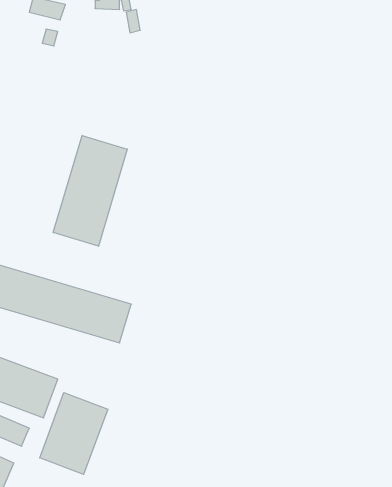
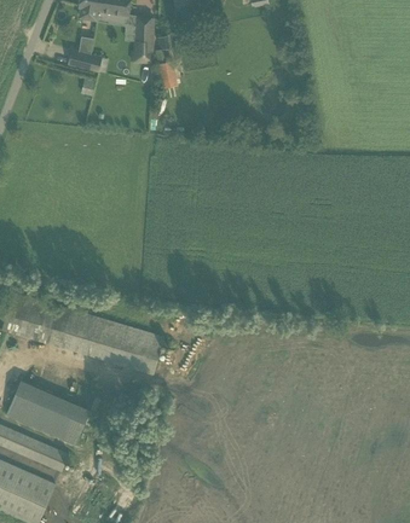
building: [53,135,127,246] -> none
building: [40,393,108,474] -> none

